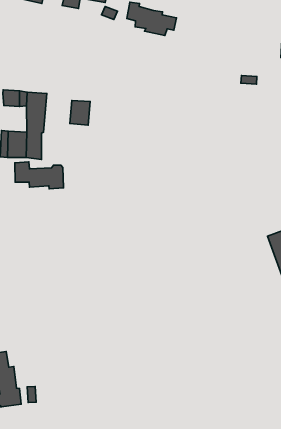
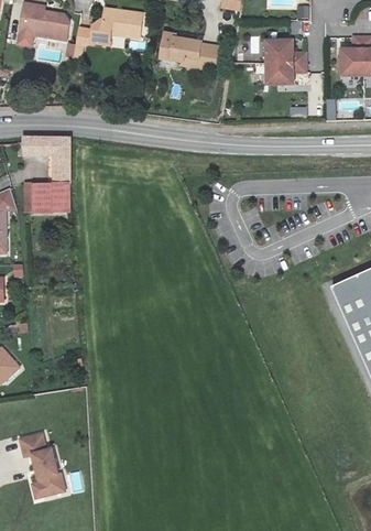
building: none -> [259,45,297,90]
building: [70,101,90,125] -> none
building: [15,162,63,189] -> none

